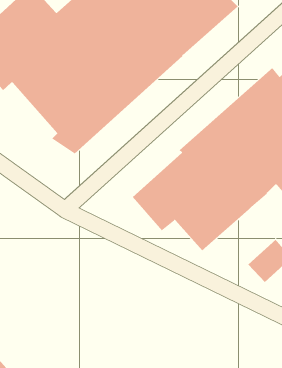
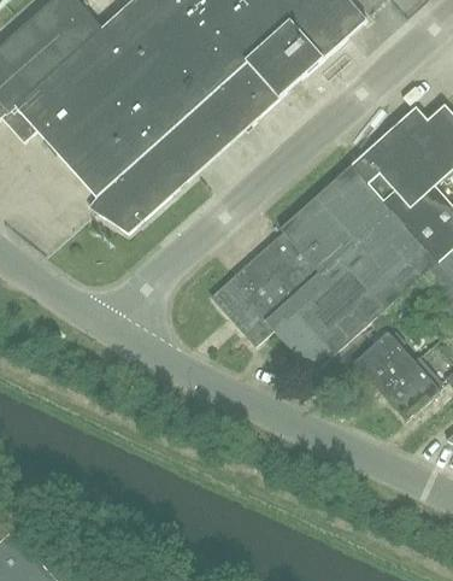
building: none -> [330,313,420,393]

